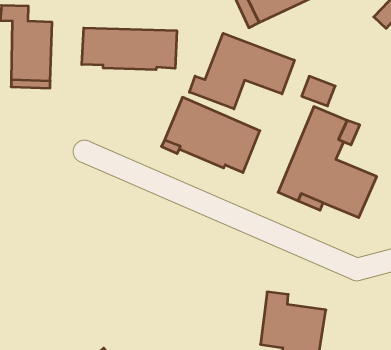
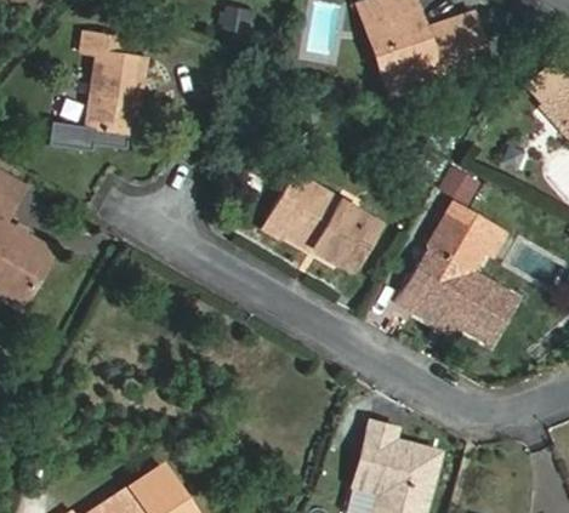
building: [82,28,177,70] -> none
building: [189,33,294,109] -> none

